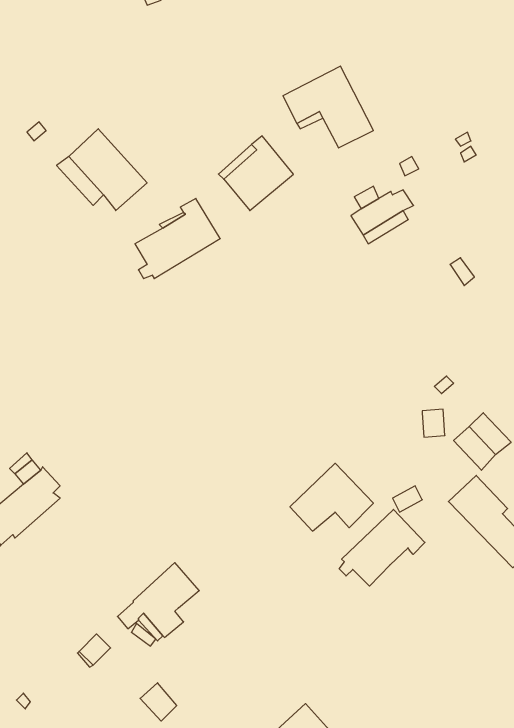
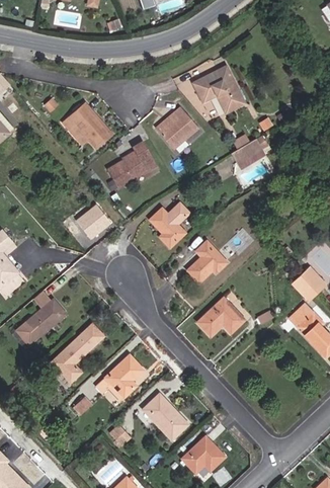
building: none -> [149,202,187,248]
building: none -> [78,209,109,239]
building: none -> [186,241,227,283]
building: none -> [51,323,104,383]
building: [339,509,425,586] -> none
building: none -> [143,394,188,440]

